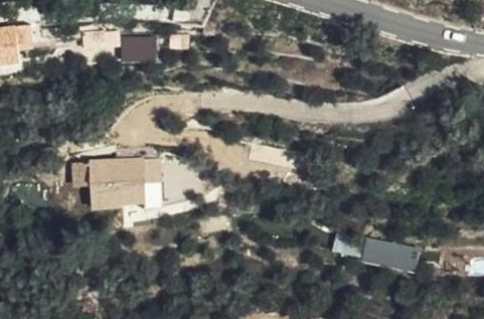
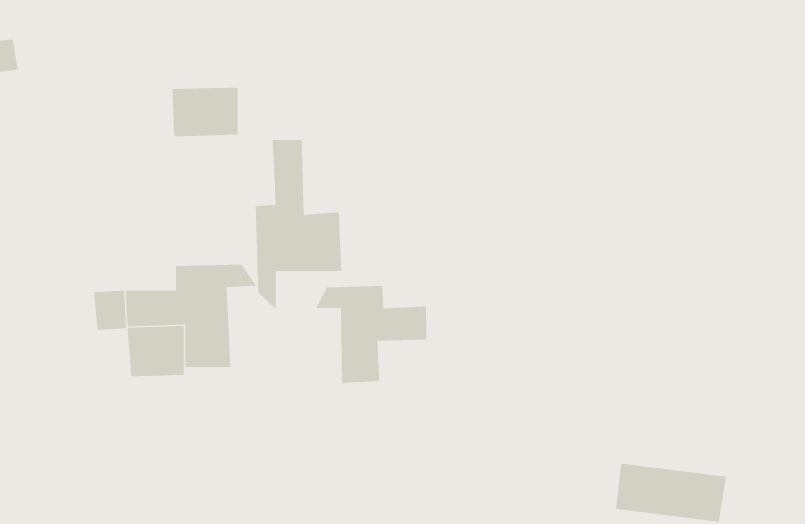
building: none -> [255,139,342,311]
building: none -> [315,285,427,384]

